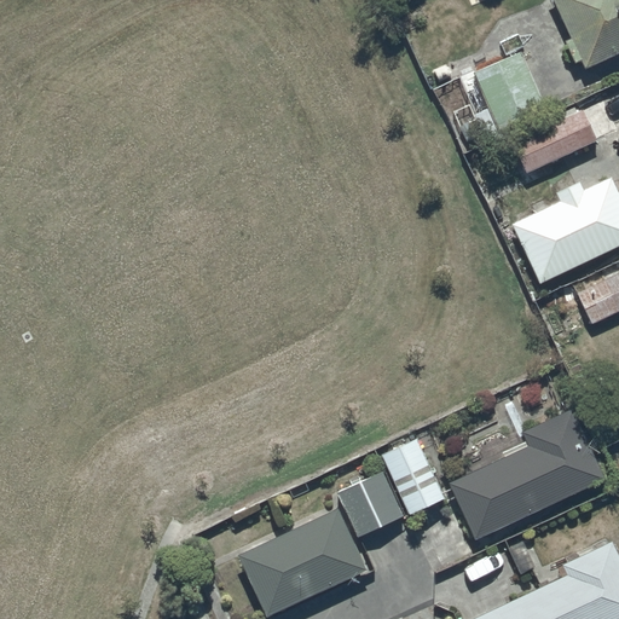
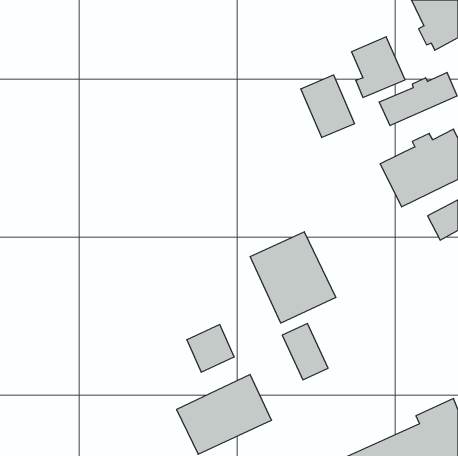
building: none -> [301,75,354,138]
building: none -> [250,232,336,323]
building: [450,409,604,540] -> none
building: [337,473,401,537] -> [187,325,234,372]

